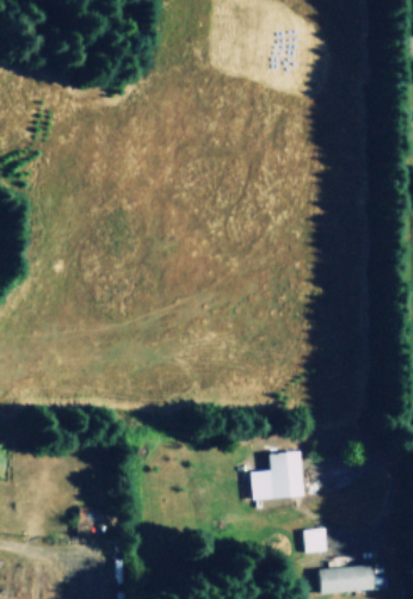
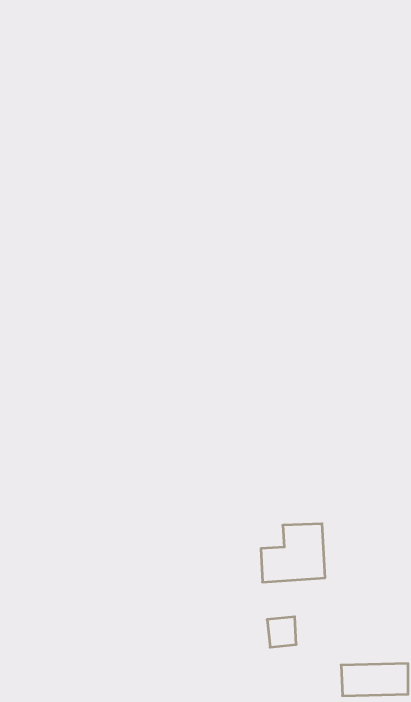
building: [303,527,327,552] -> [267,617,296,647]

